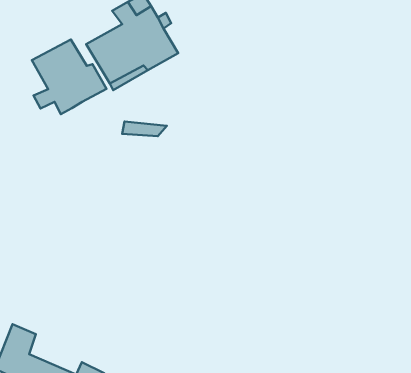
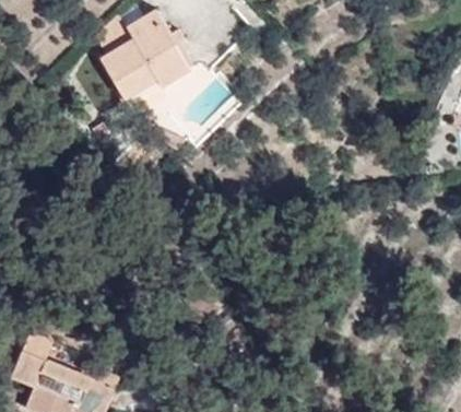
building: [32,39,107,114] -> none

